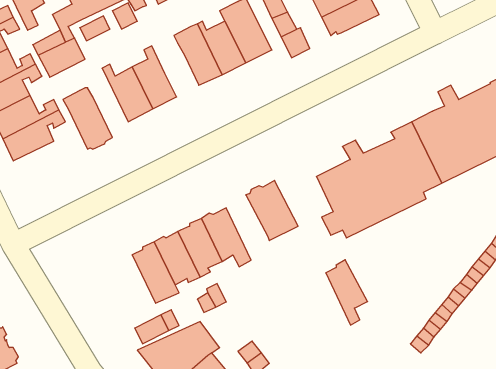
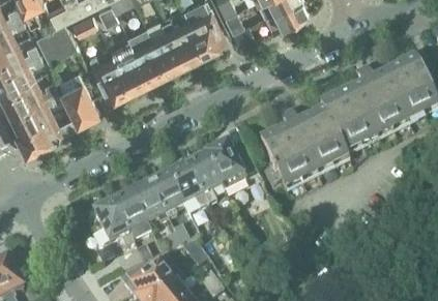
building: none -> [128,27,168,80]
building: none -> [18,115,78,153]
building: none -> [94,205,135,250]
building: [326,260,368,325] -> [189,157,223,209]

